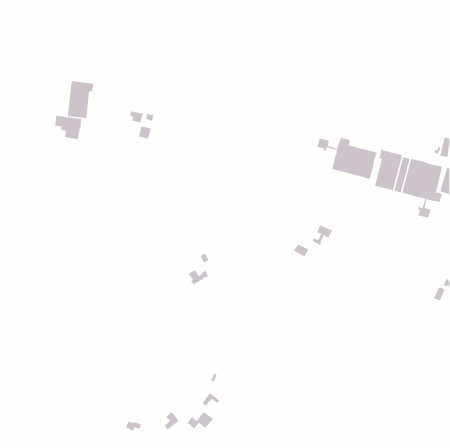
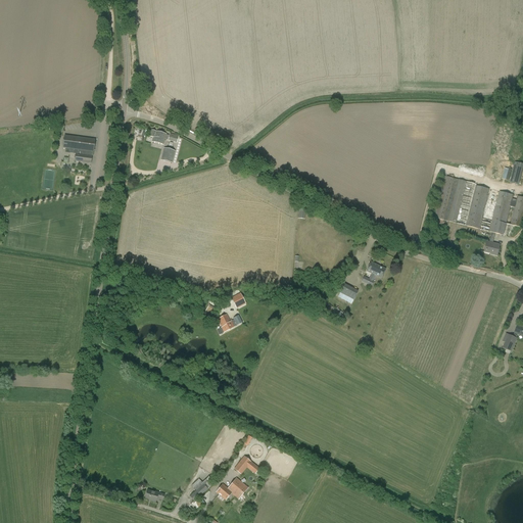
building: [67,80,94,119] -> none
building: [317,137,377,179] -> none

